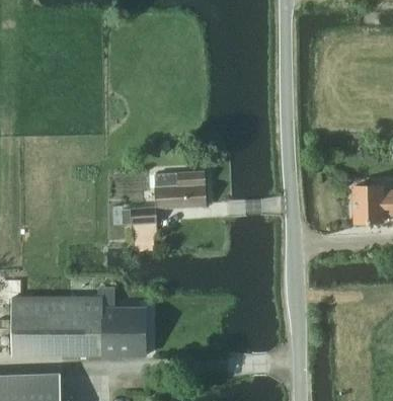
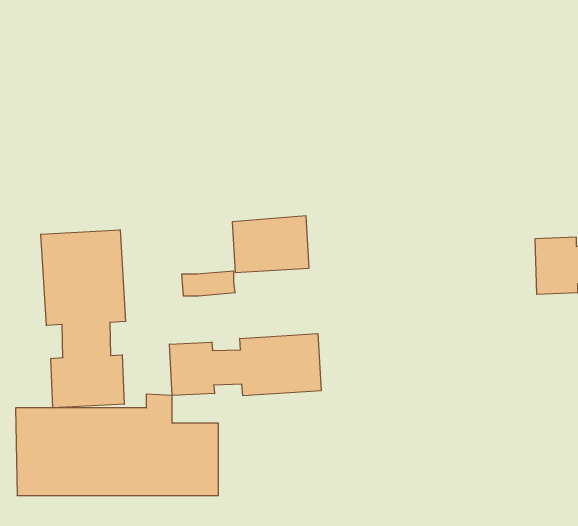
building: none -> [41,230,126,408]
building: none -> [170,334,321,396]

